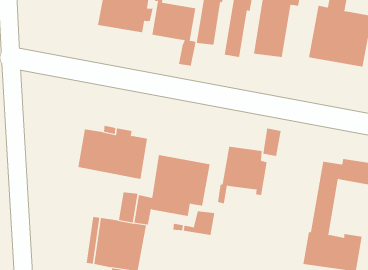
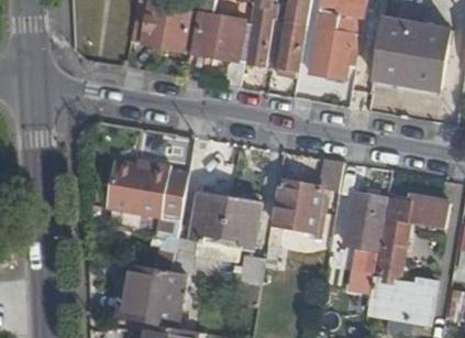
building: none -> [344,187,387,273]

